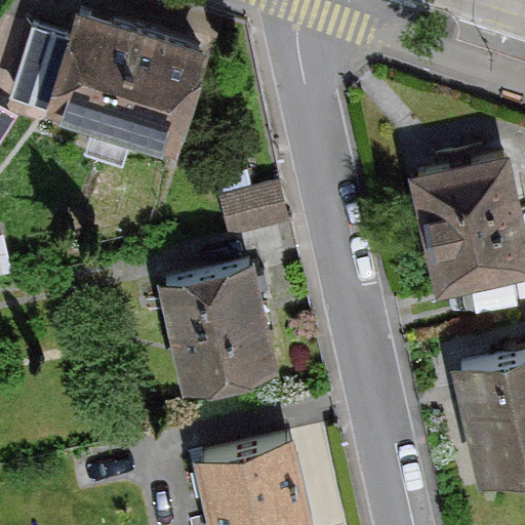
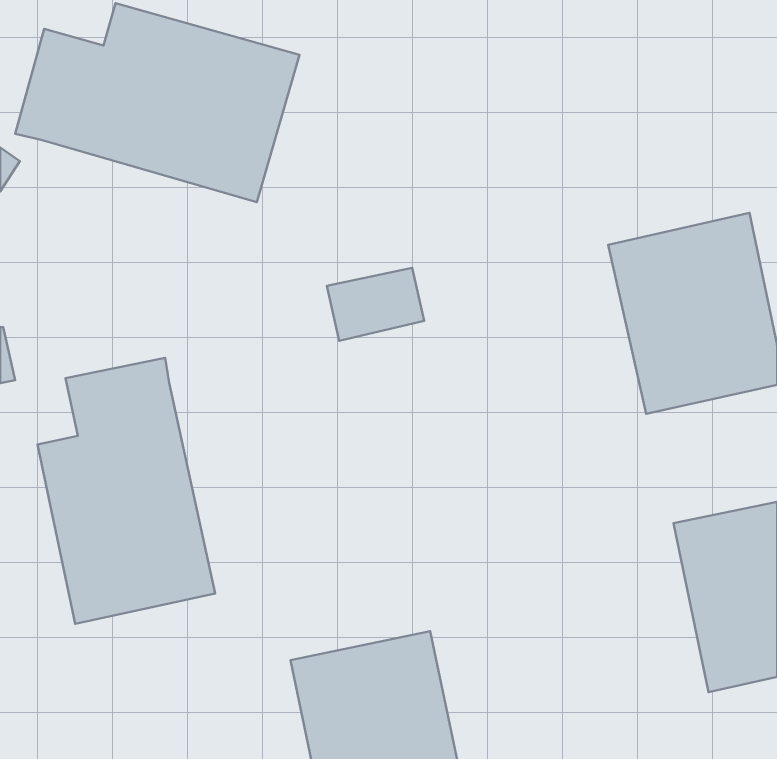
building: none -> [37,358,215,624]
building: [160,264,278,406] -> none

